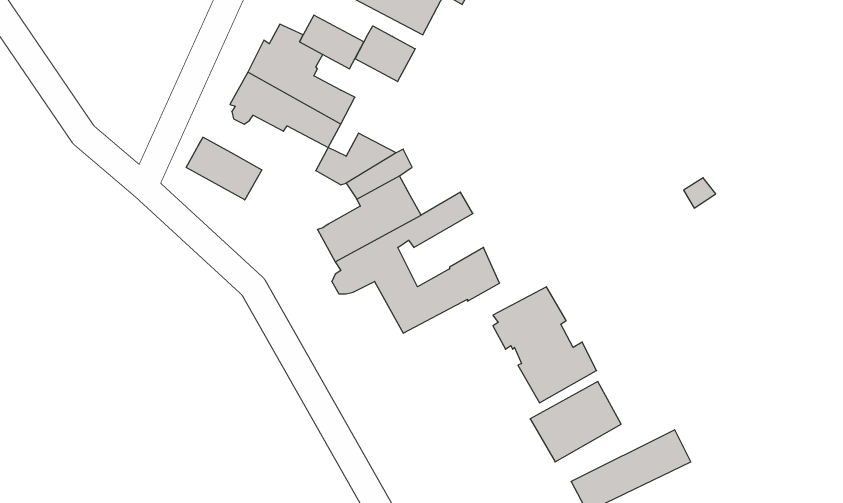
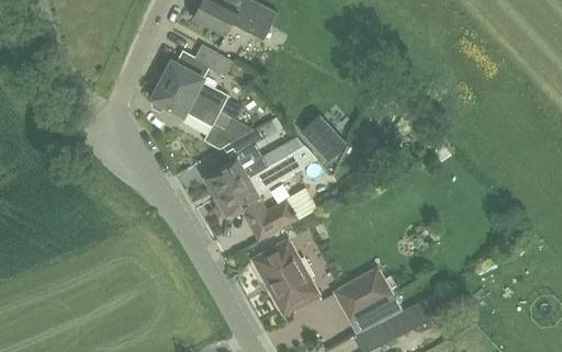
building: [355,26,415,82] -> none
building: none -> [297,113,345,160]
building: [186,137,262,200] -> none
building: [493,287,597,403] -> [252,241,316,313]

